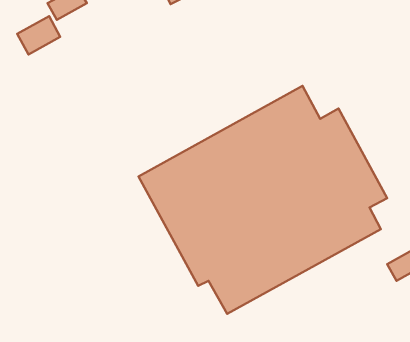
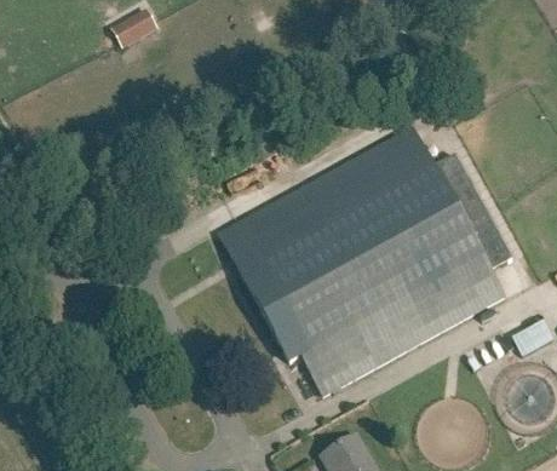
building: [17,16,60,54] -> none

